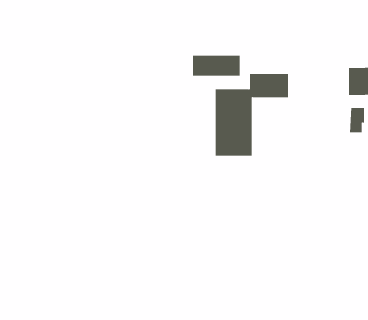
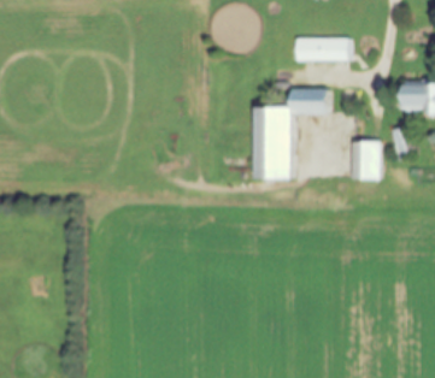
building: [192,55,241,76] -> [294,37,347,60]
building: none -> [357,141,386,178]

